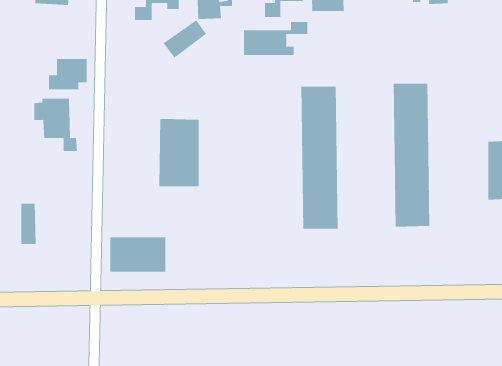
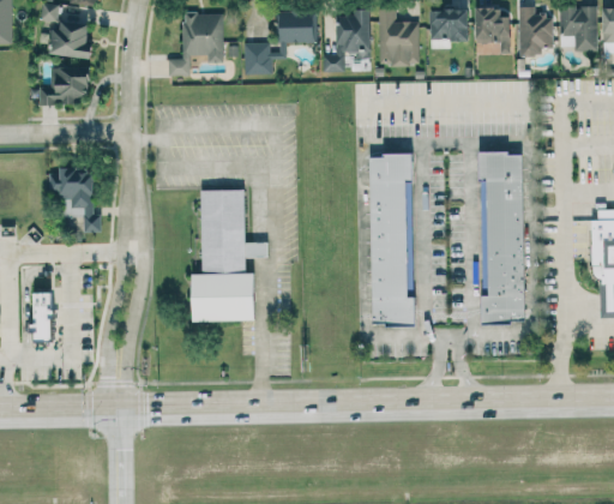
building: [163,20,207,59] -> none
building: [243,21,308,56] -> none
building: [48,59,87,90] -> [42,67,89,104]
building: [110,237,166,272] -> [192,277,259,319]

